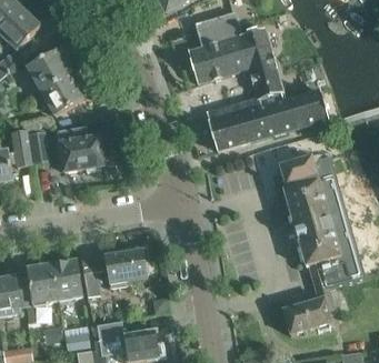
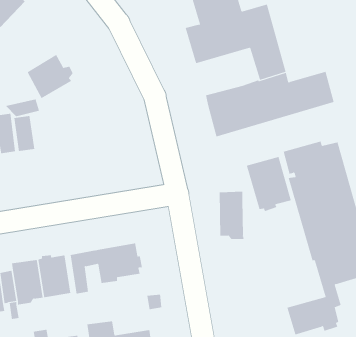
building: [27,50,71,91] -> none
building: [58,127,103,171] -> none
building: none -> [246,156,292,212]
building: none -> [219,191,244,240]

